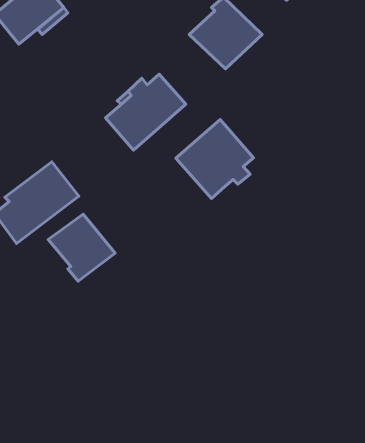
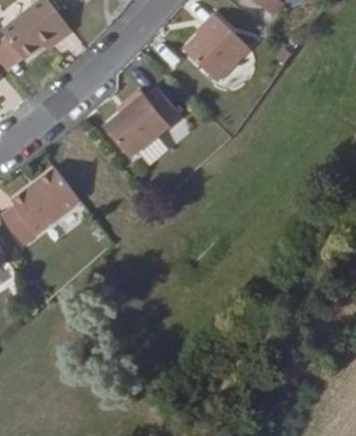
building: [176,120,253,198] -> none
building: [48,214,115,281] -> none

